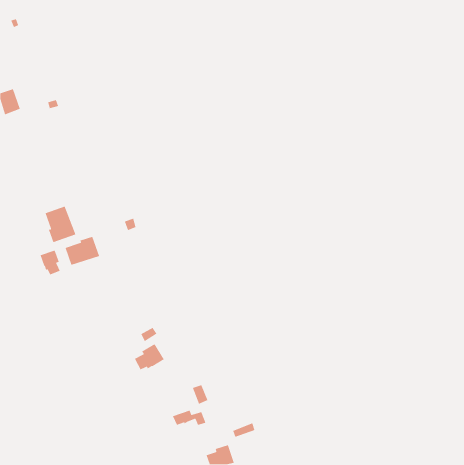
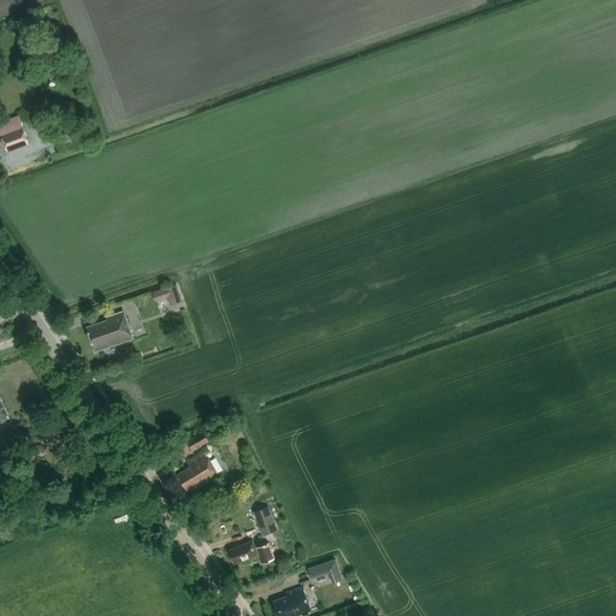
building: [45,206,77,243] -> none
building: [40,249,61,275] -> none

